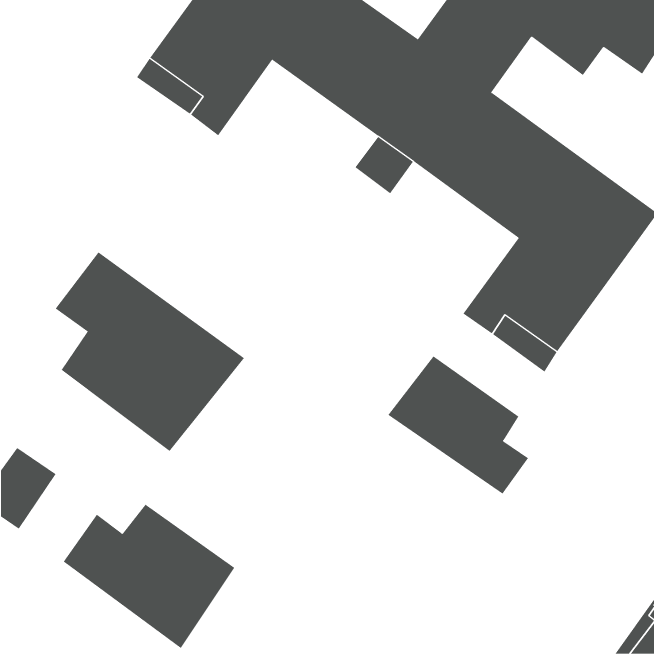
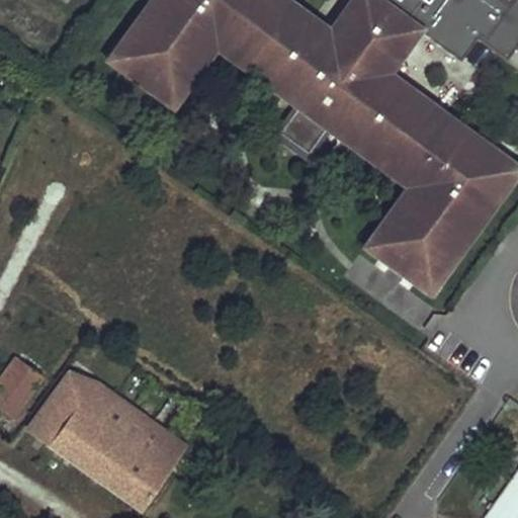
building: [55,252,245,452] -> none
building: [388,356,529,494] -> none
building: none -> [31,372,116,442]

